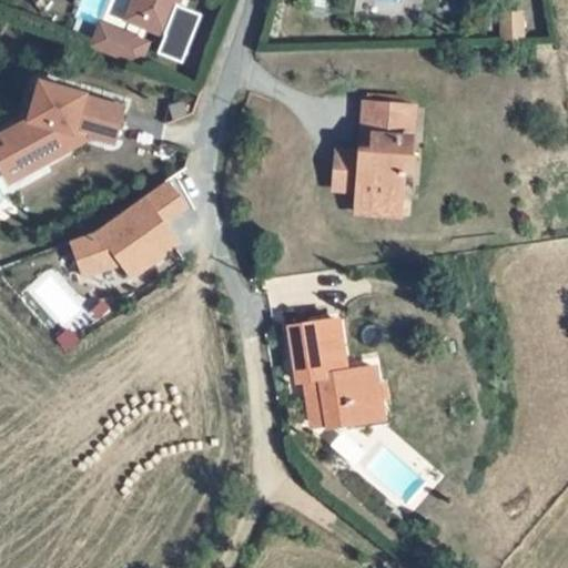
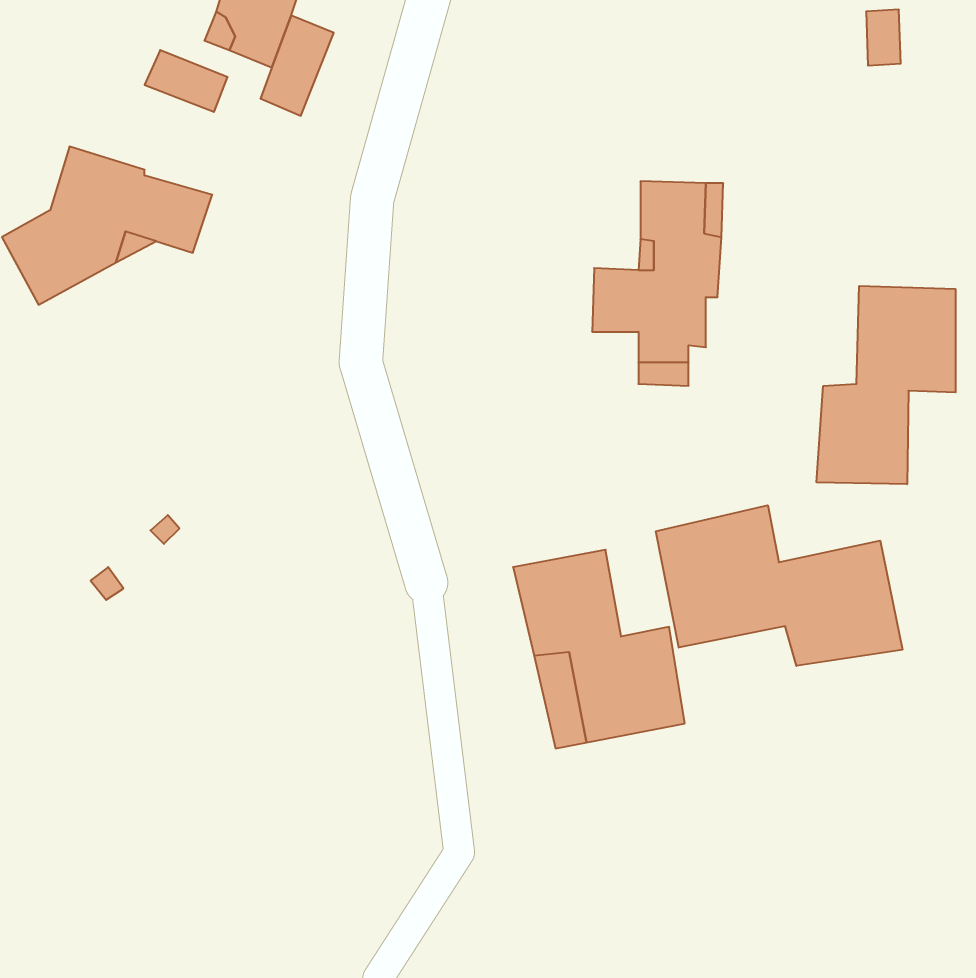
building: none -> [817,286,956,484]
building: [65,178,181,273] -> none
building: none -> [656,505,902,666]

